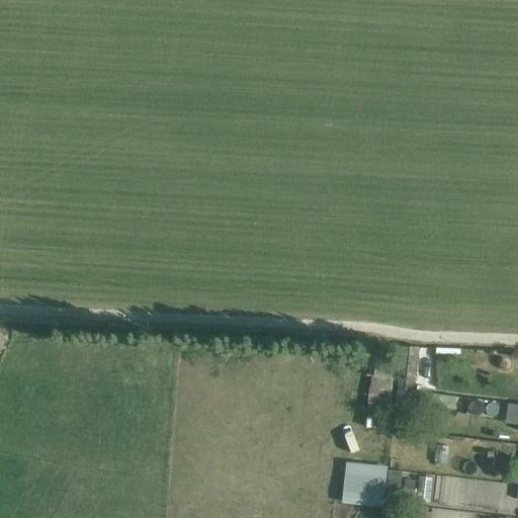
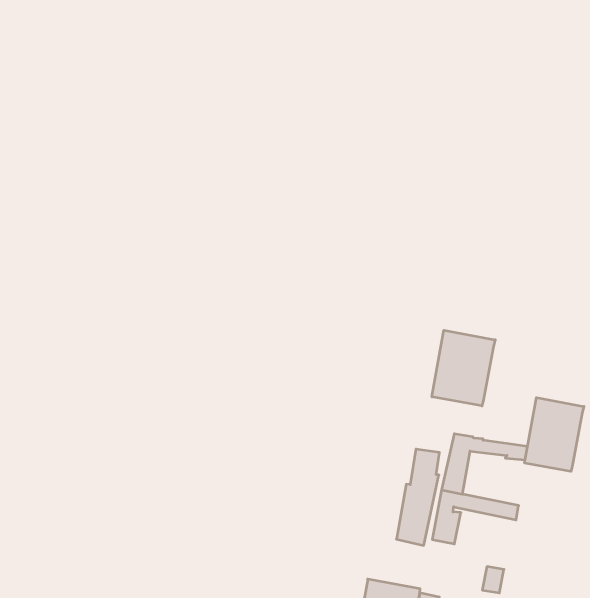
building: none -> [432,330,495,406]
building: none -> [525,398,584,471]

